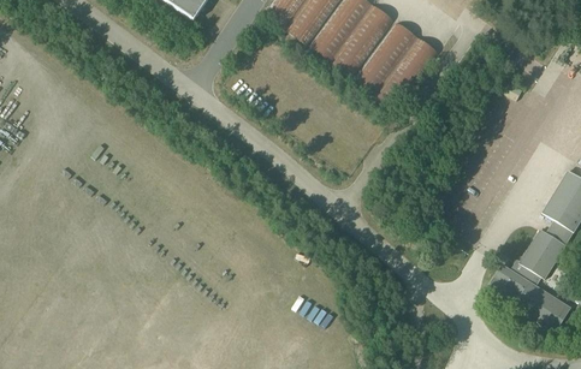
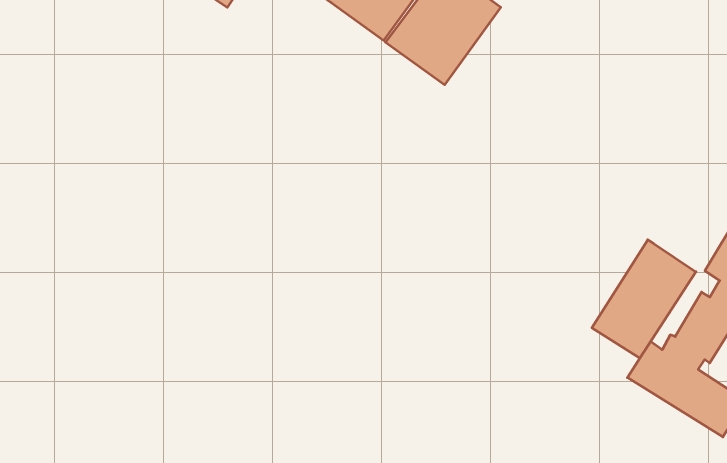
building: [354,20,438,108] -> none
building: none -> [592,240,696,358]

